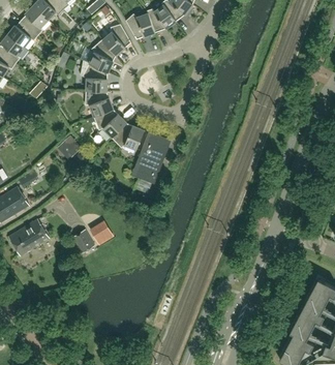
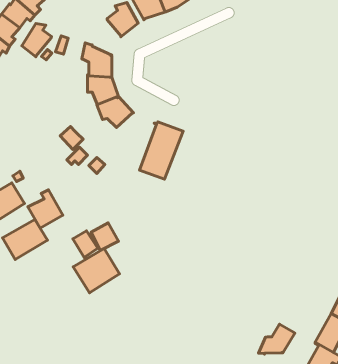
building: [90,38,116,72] -> none
building: none -> [22,24,51,57]
building: [111,123,145,149] -> none
building: none -> [28,190,63,228]
building: none -> [73,248,119,293]
building: none -> [259,324,295,354]

